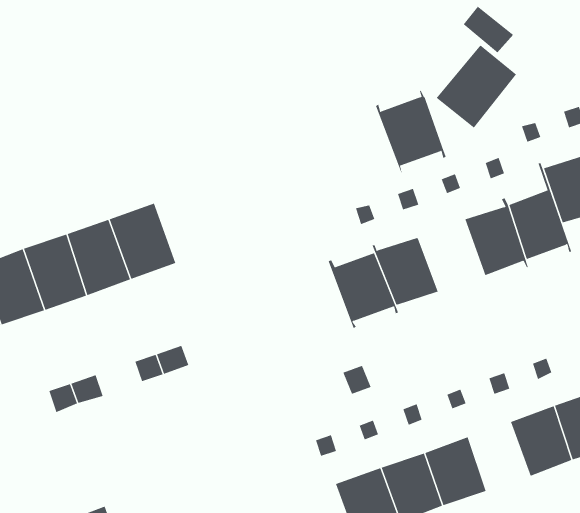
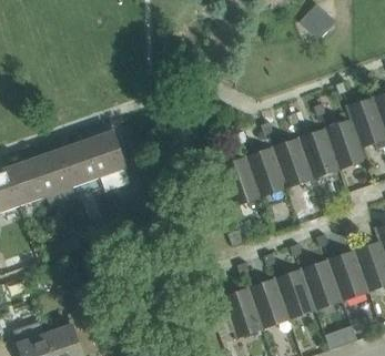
building: [436,44,517,129] -> none
building: [375,89,446,173] -> [271,138,314,189]
building: none -> [303,264,341,306]

